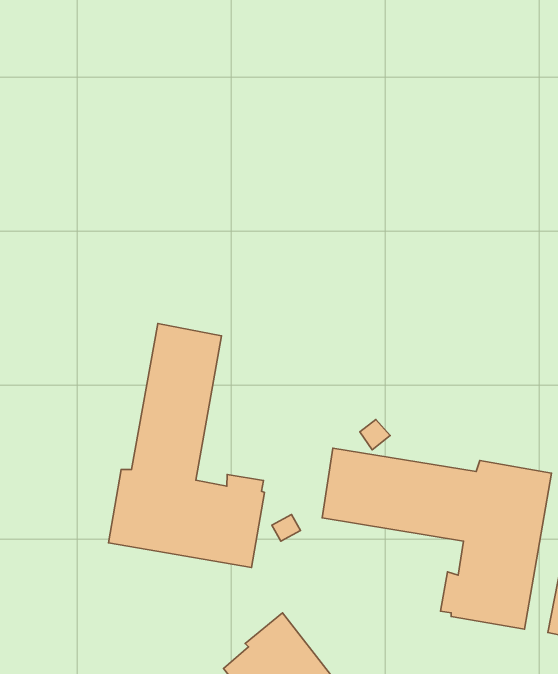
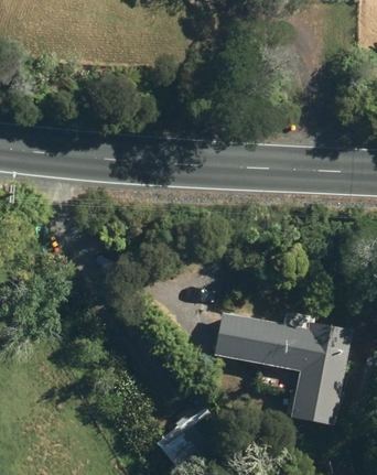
building: [109,324,265,567] -> none

